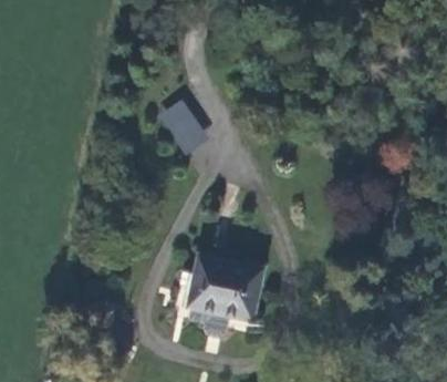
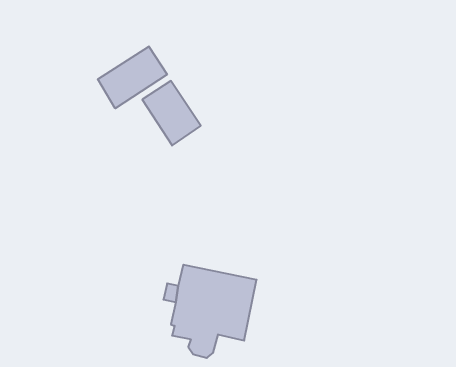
building: none -> [98,46,167,108]

